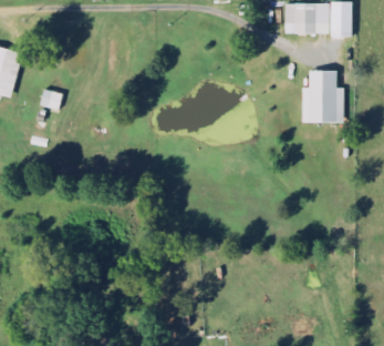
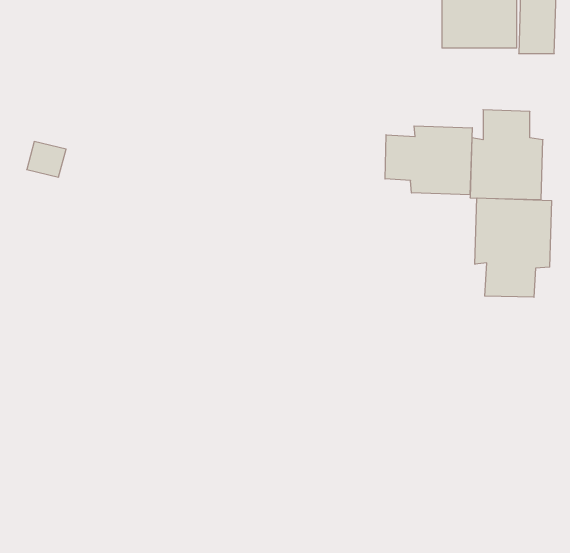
building: none -> [385,126,472,195]
building: none -> [475,198,552,297]

